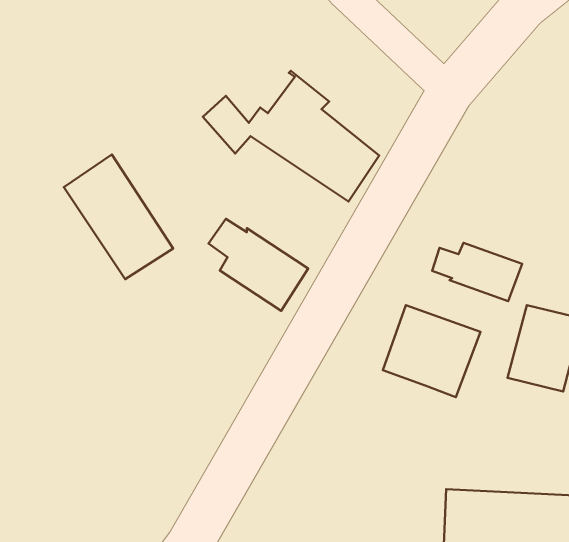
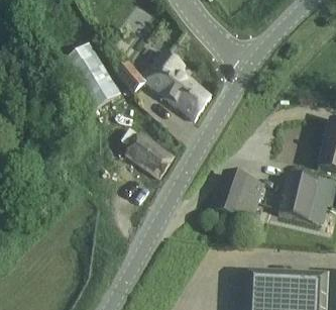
building: [64,155,173,279] -> [63,43,120,109]
building: [432,243,522,301] -> none

